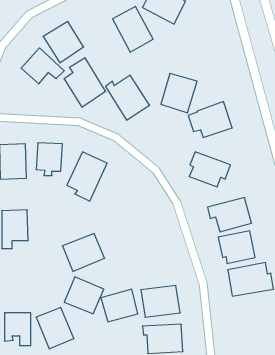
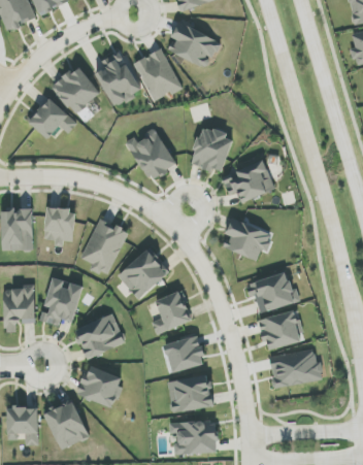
building: [64,58,106,107] -> [95,48,143,106]
building: none -> [118,248,168,298]
building: none -> [40,276,82,325]
building: none -> [152,291,190,332]
building: [101,289,138,322] -> [162,334,205,372]

